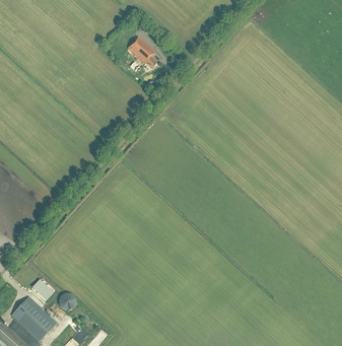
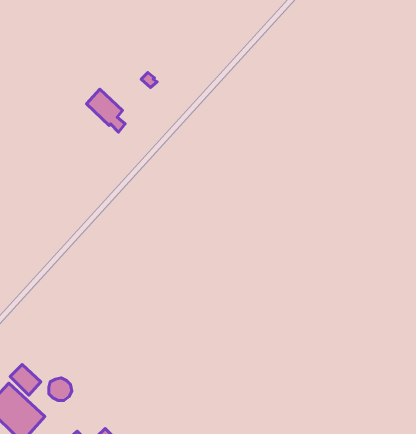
building: [125,38,154,70] -> [87,89,125,132]

